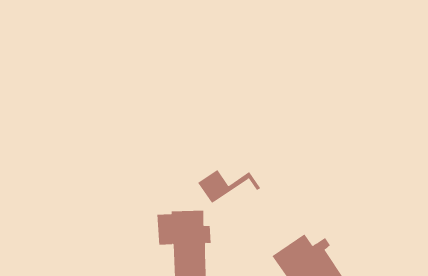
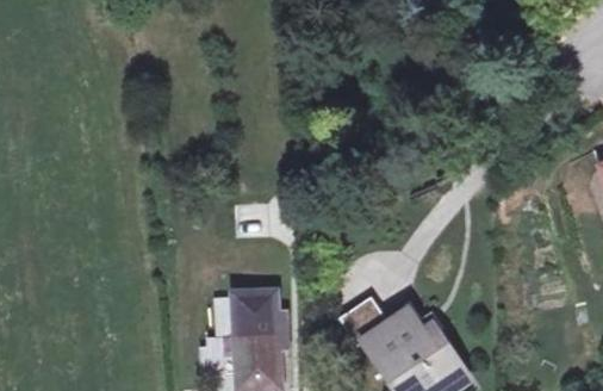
building: [197,169,261,203] -> [343,304,428,349]

